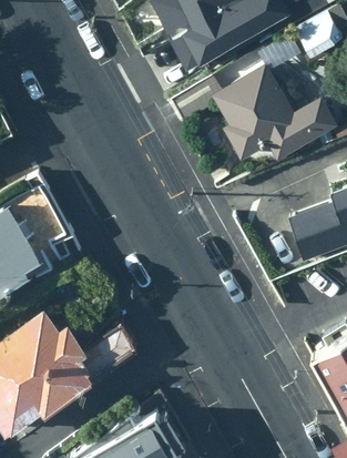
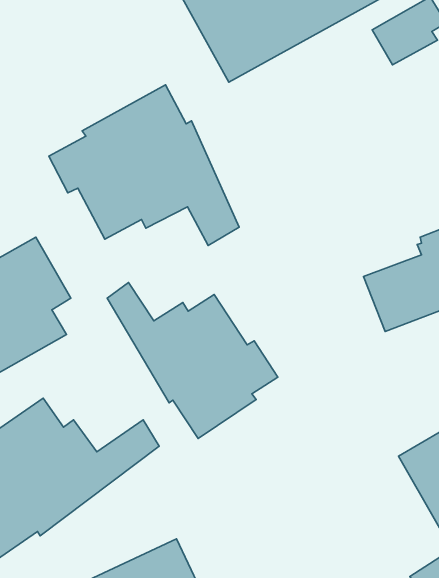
building: [171,64,339,160] -> none
building: none -> [49,85,239,246]
building: none -> [107,283,278,439]

